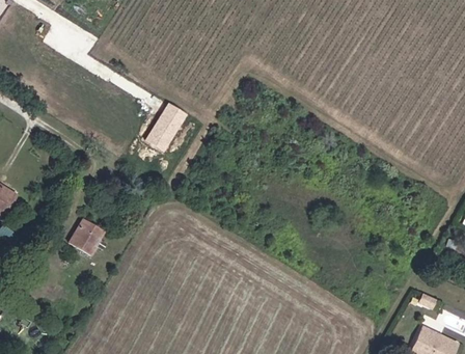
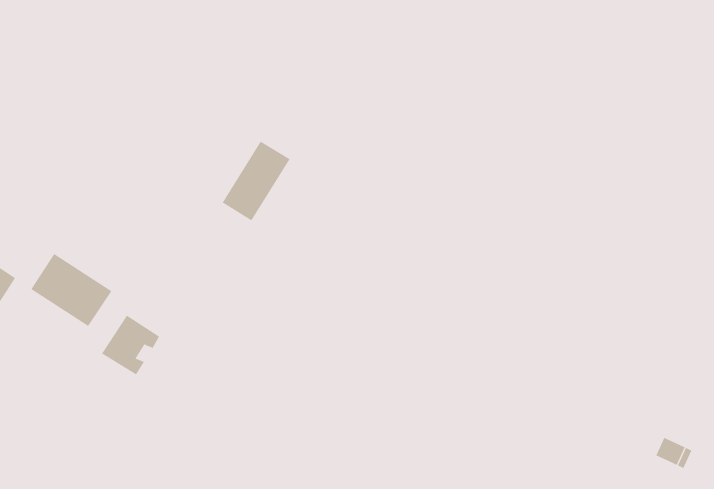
building: none -> [30,253,112,327]

